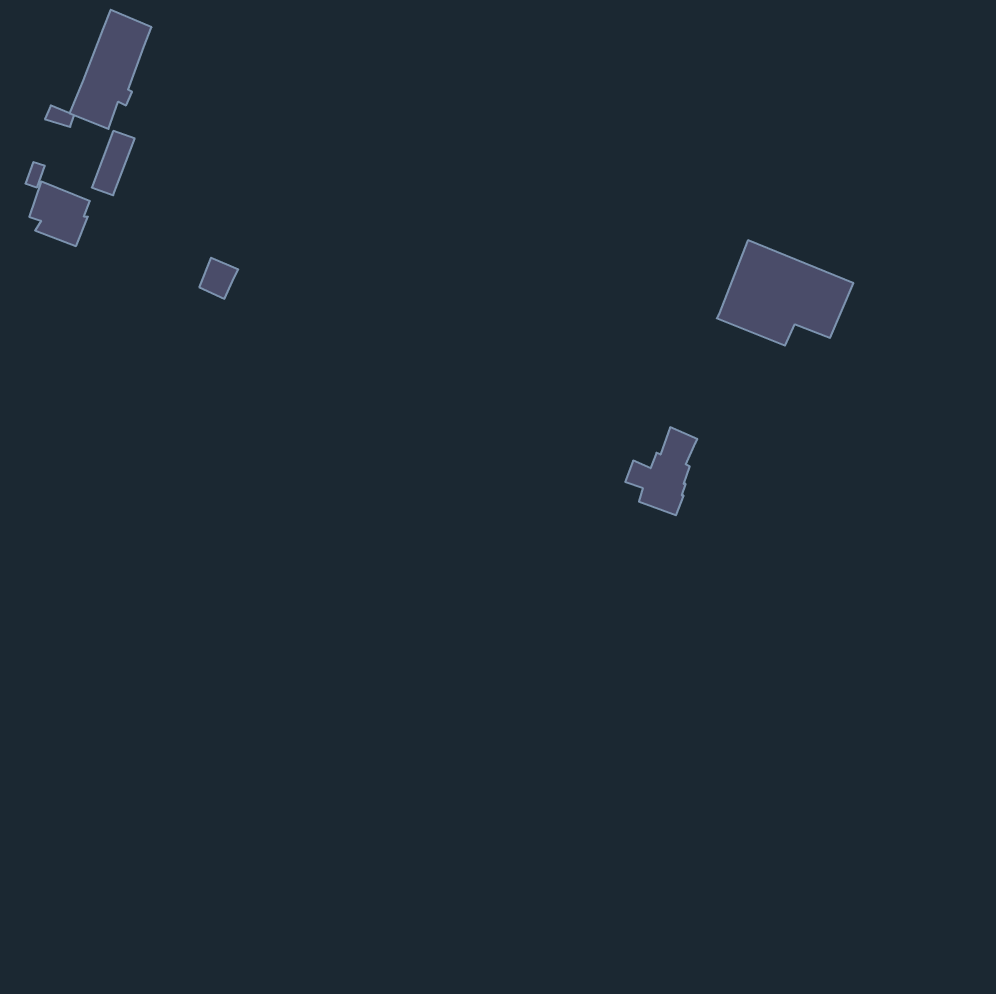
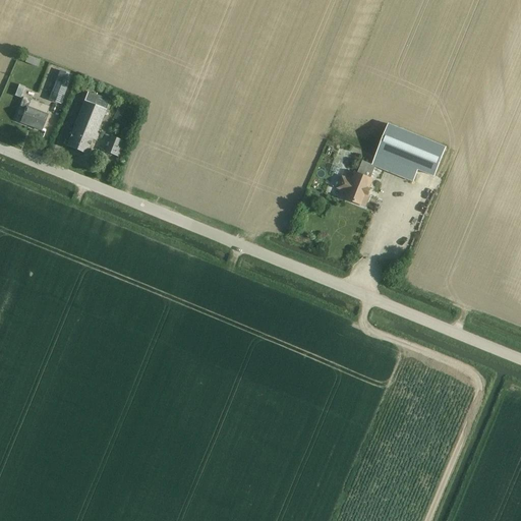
building: [70,10,152,129] -> [65,90,108,152]
building: [625,427,697,515] -> [337,158,374,204]

